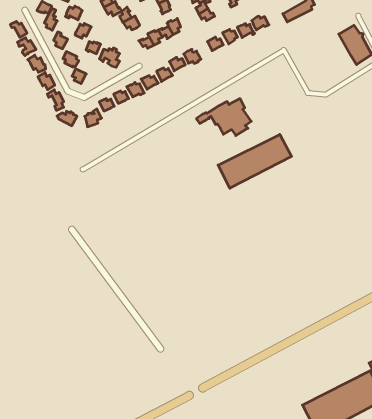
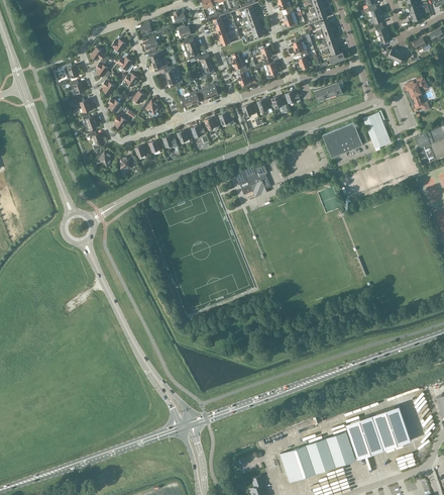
building: none -> [322,122,368,157]
building: [218,134,292,188] -> none

